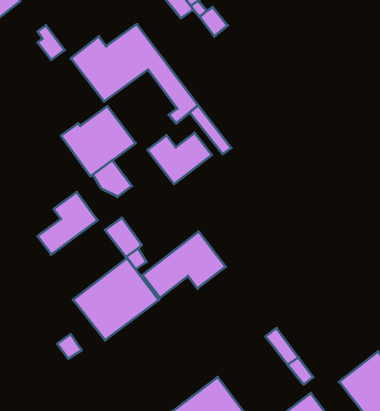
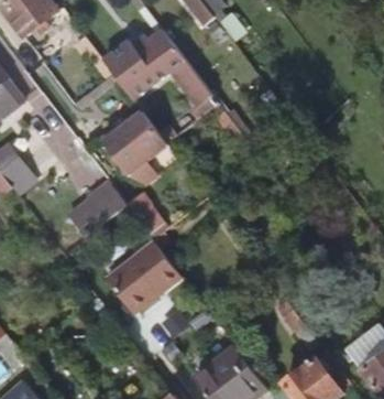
building: [148,133,212,184] -> none
building: [142,232,226,298] -> none

